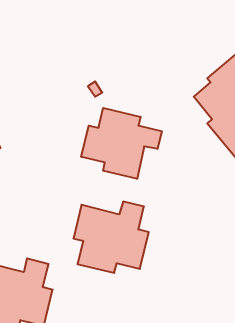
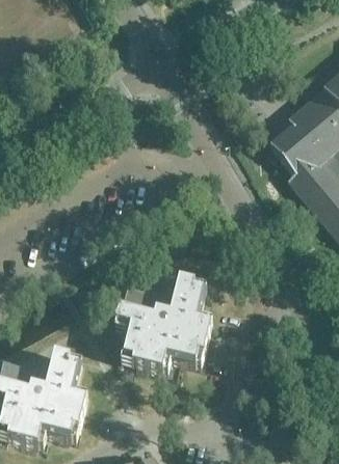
building: [81,108,162,179] -> none

